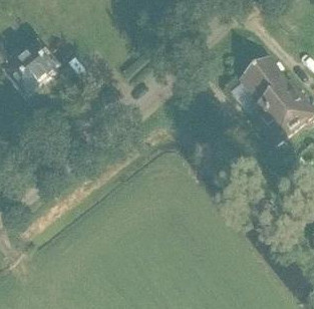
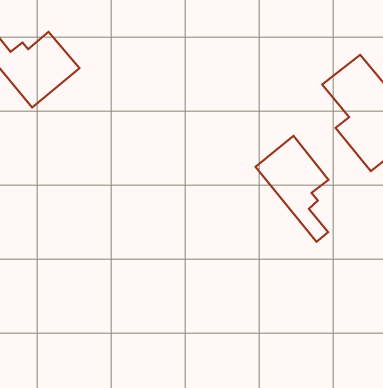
building: none -> [255,136,328,242]

